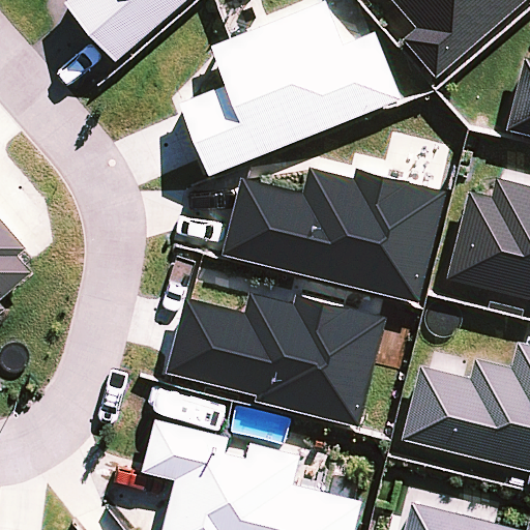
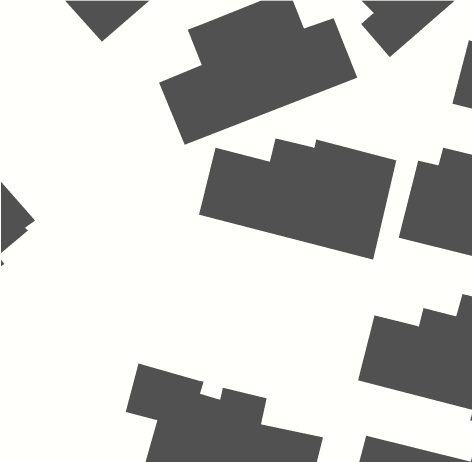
building: [166,291,388,428] -> none

